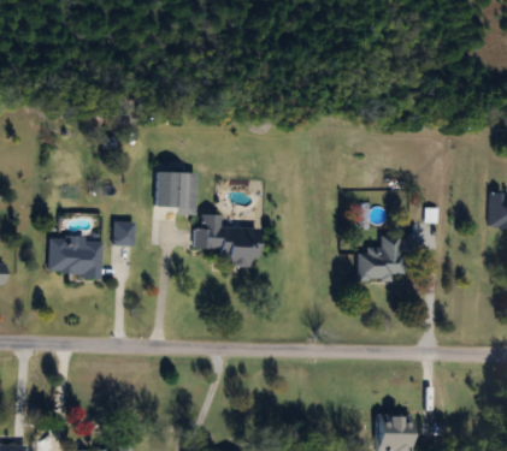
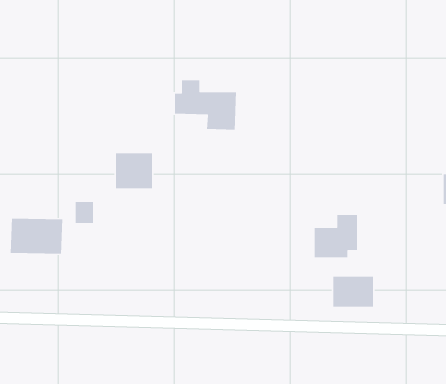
building: [193,215,257,267] -> [174,80,237,131]
building: none -> [332,276,374,307]

